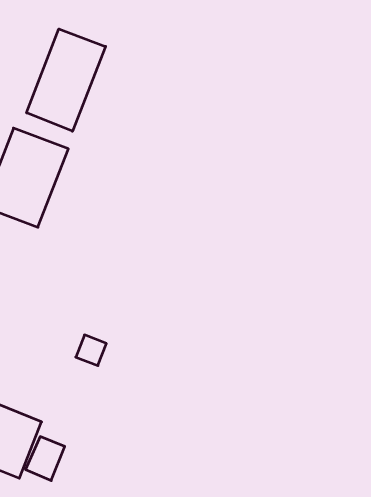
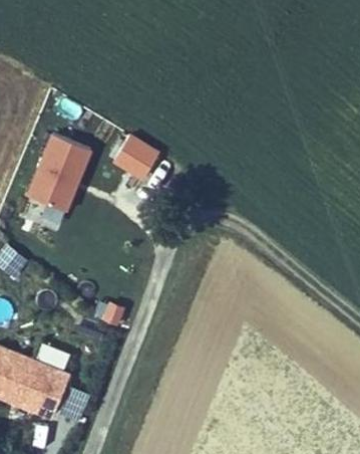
building: [27,29,106,131] -> none
building: none -> [117,135,161,176]

